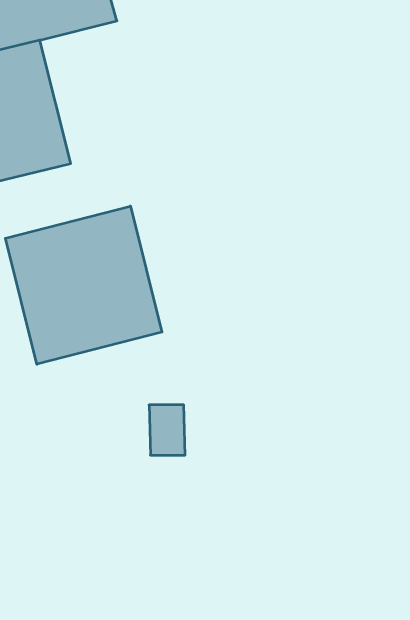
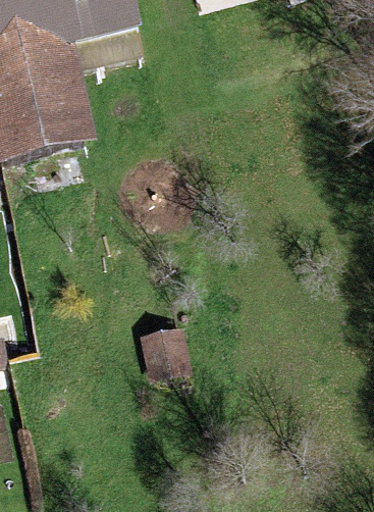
building: [5,206,162,364] -> none

